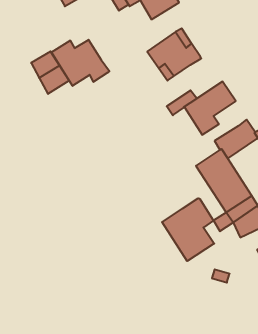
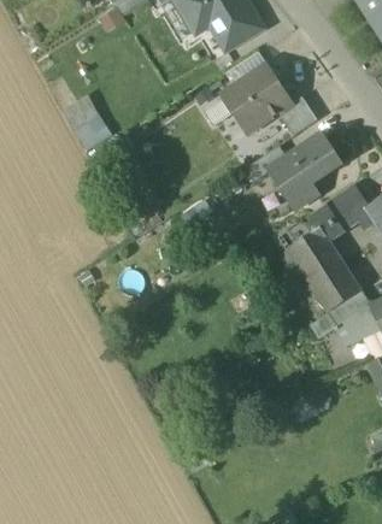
building: [51,40,109,86] -> none
building: none -> [278,95,317,135]
building: [162,198,214,261] -> none

